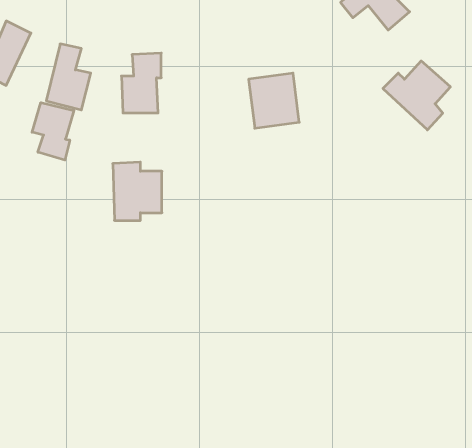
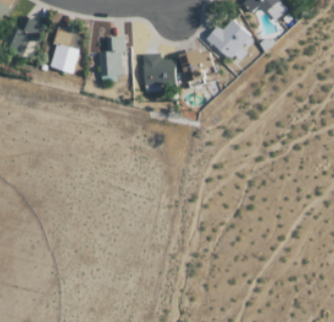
building: [383,61,450,130] -> [208,19,253,64]
building: [32,103,74,160] -> none
building: [113,162,162,220] -> [144,53,176,92]

